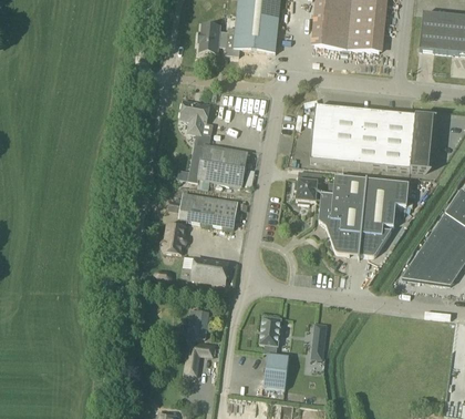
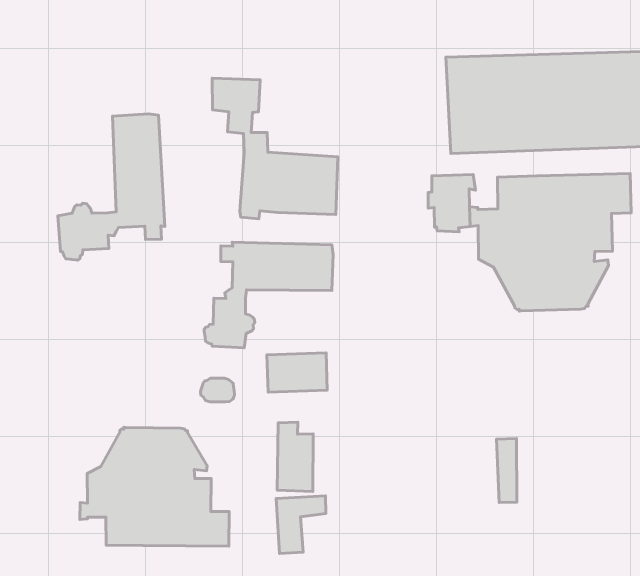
building: none -> [58,114,165,260]
building: none -> [80,427,229,546]
building: [259,316,289,388] -> none

